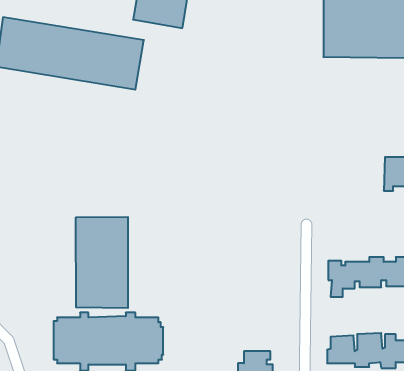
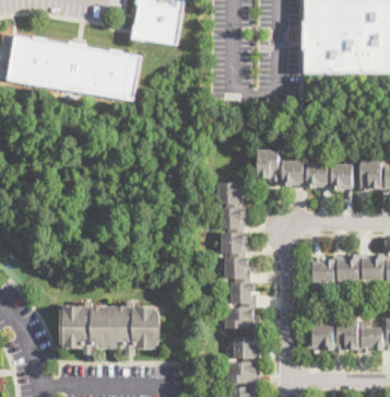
building: none -> [257,151,352,189]
building: none -> [217,184,250,280]
building: [76,217,128,308] -> none
building: none -> [225,284,257,329]

